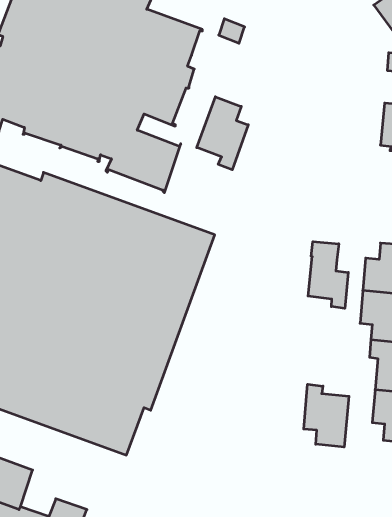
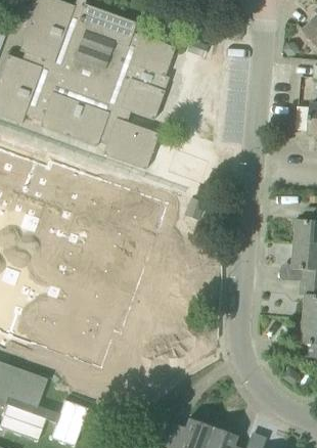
building: [197,97,248,170] -> none
building: [308,242,348,308] -> none
building: [304,384,349,447] -> none

